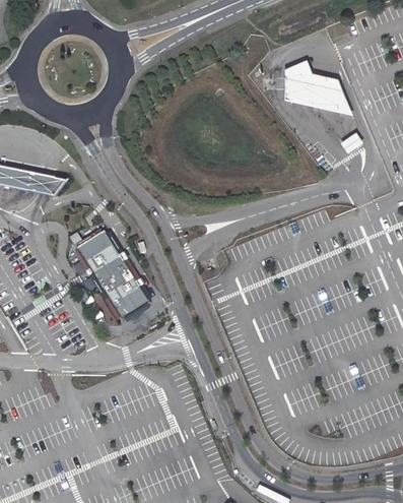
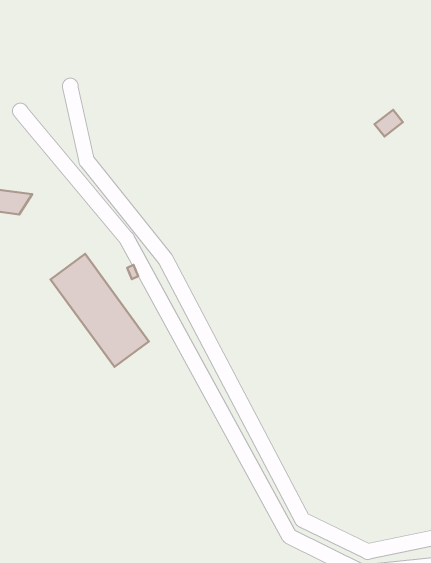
building: [284,59,350,112] -> none

